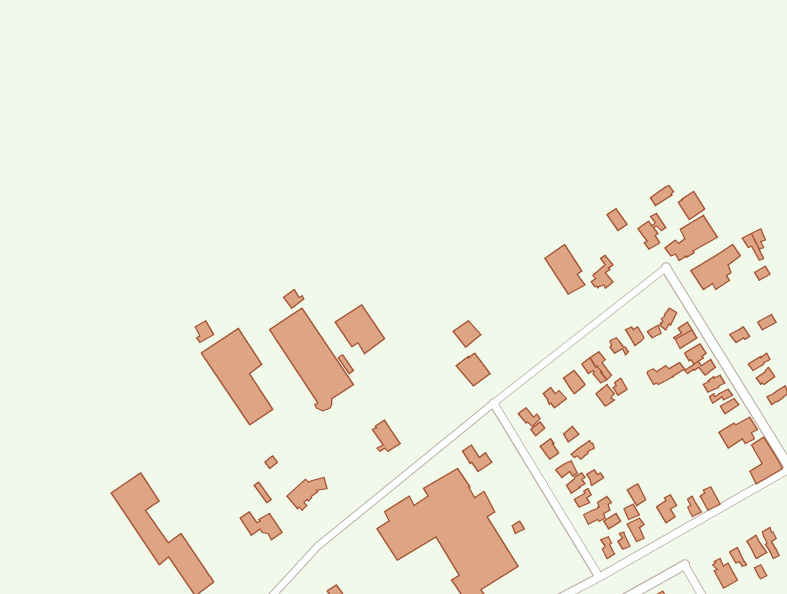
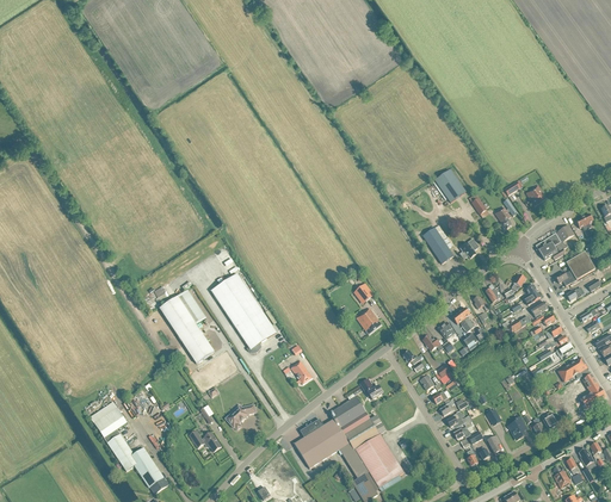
building: none -> [433,168,465,202]
building: [665,215,718,260] -> [554,250,594,285]
building: [335,305,384,354] -> none

